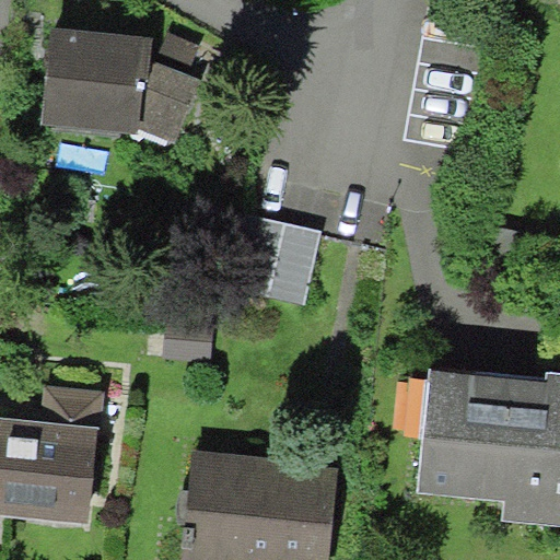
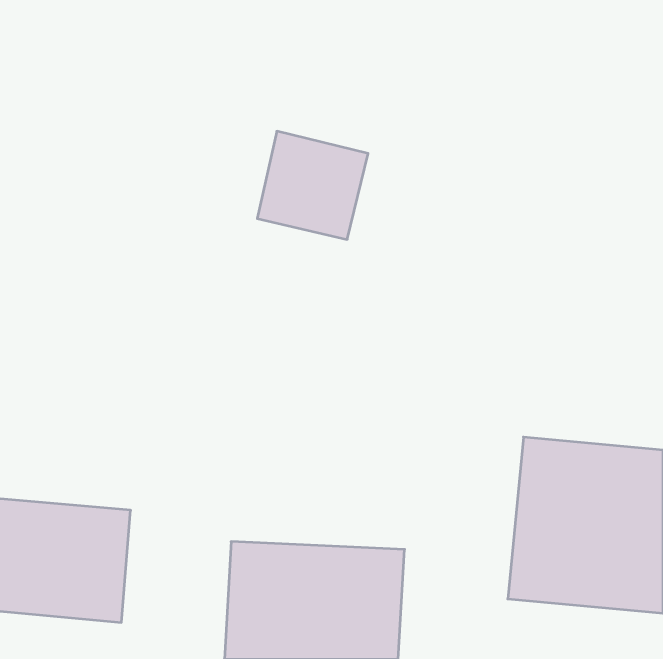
building: [40,39,184,141] -> none
building: [225,213,318,304] -> [257,131,368,239]

